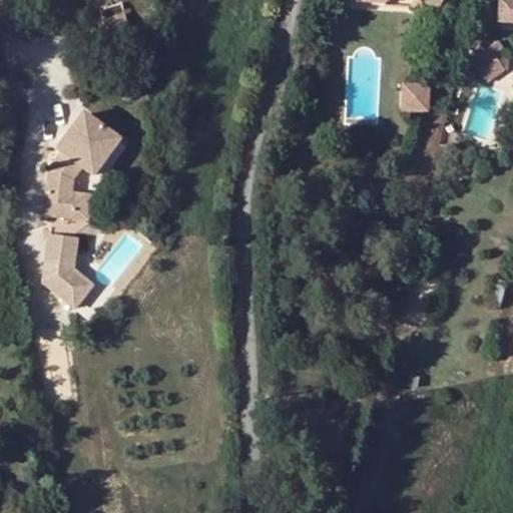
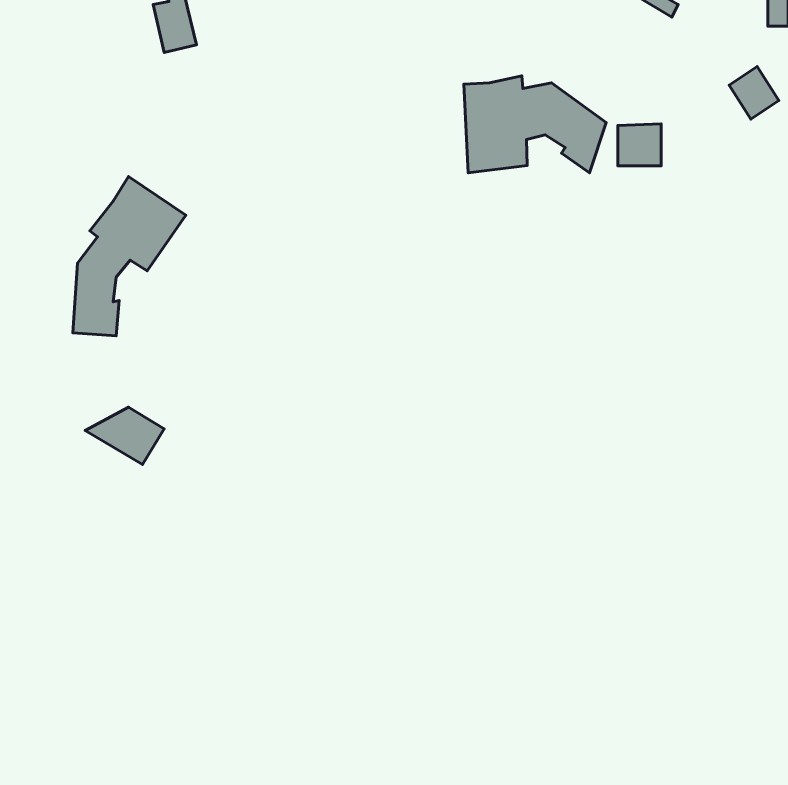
building: none -> [464,76,606,173]
building: [55,235,85,279] -> none

